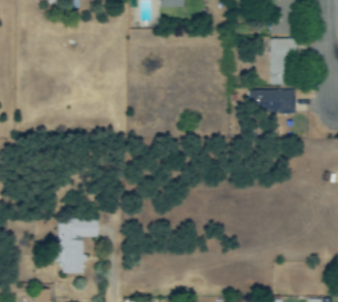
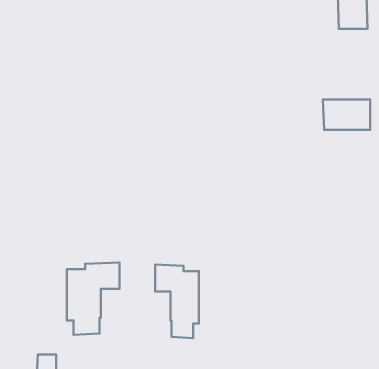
building: [270,39,294,86] -> none
building: none -> [155,265,199,338]

